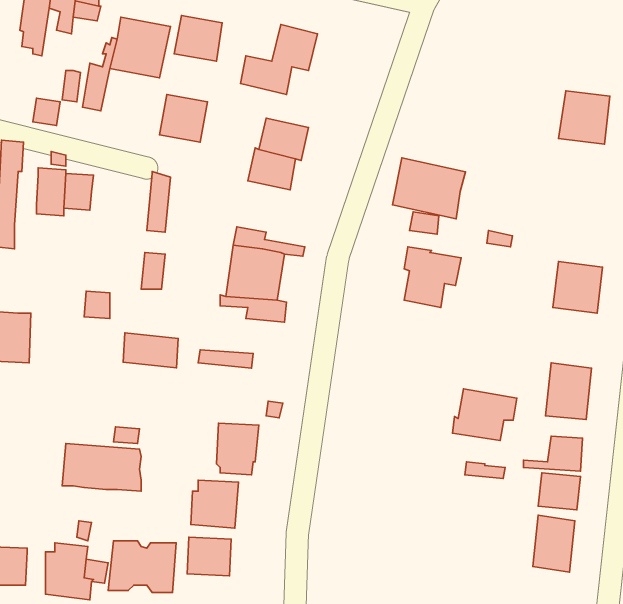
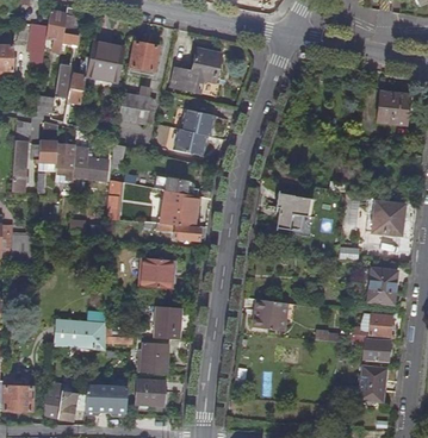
building: [392,158,465,219] -> none
building: none -> [73,145,108,184]
building: [123,333,178,368] -> [142,267,178,289]
building: [453,389,517,440] -> [253,299,294,332]

